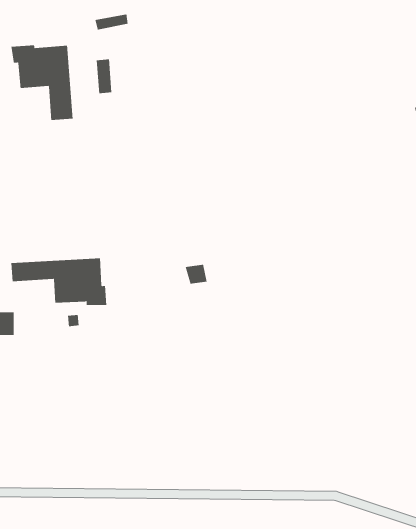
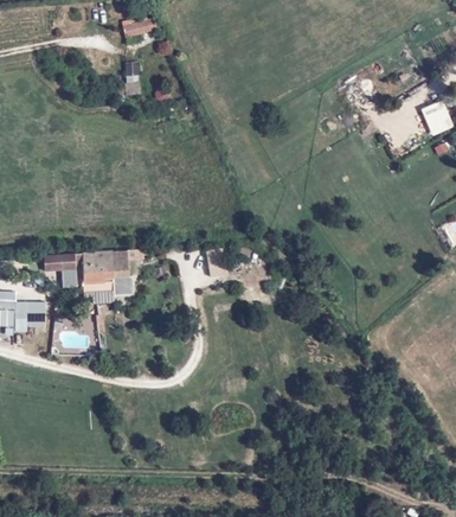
building: [11,44,73,121] -> none

